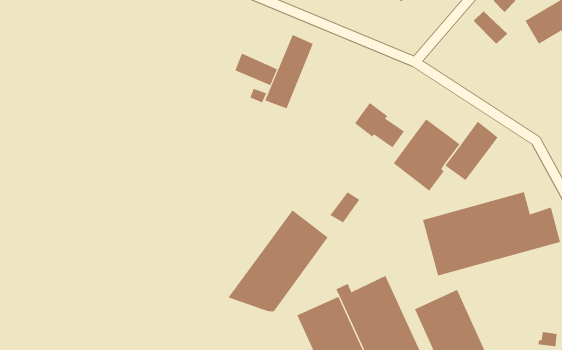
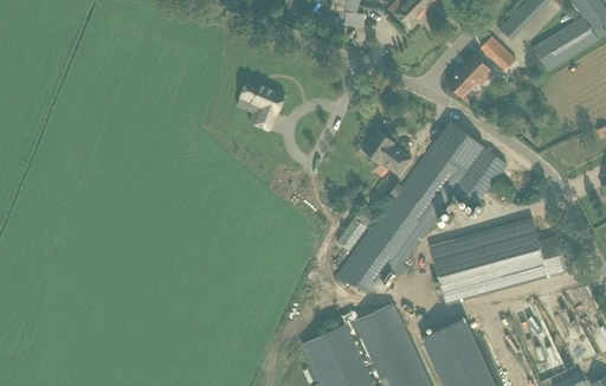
building: none -> [446,54,492,98]
building: [265,34,314,109] -> none
building: none -> [433,122,484,171]
building: [227,209,328,312] -> [335,191,437,294]

